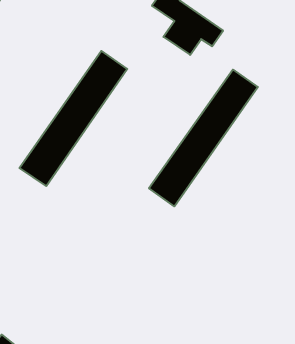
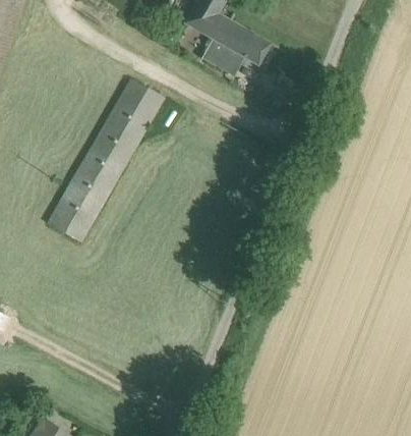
building: [149,70,258,206] -> none

